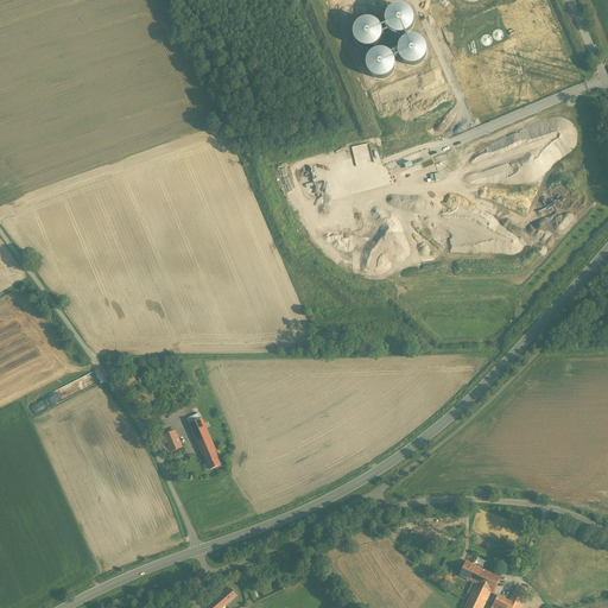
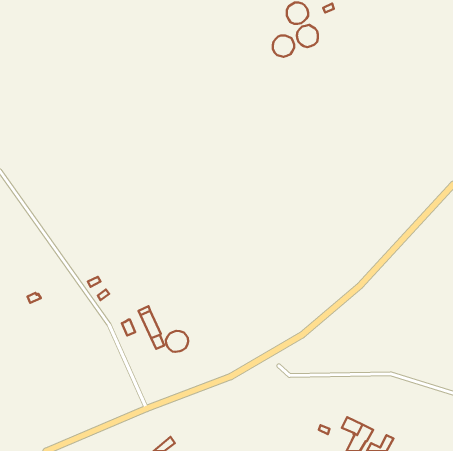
building: [352,15,381,45] -> none
building: none -> [166,331,188,352]

